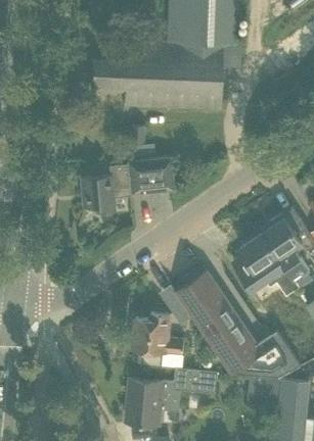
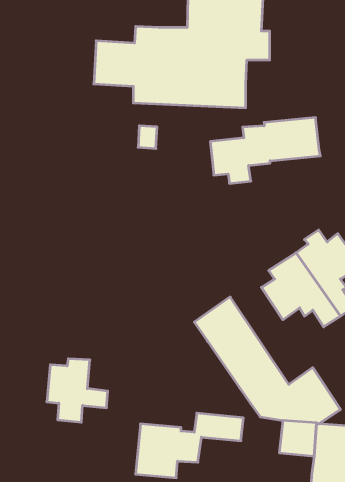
building: [80,157,174,213] -> [210,118,320,183]
building: [133,313,185,368] -> [47,359,108,422]

